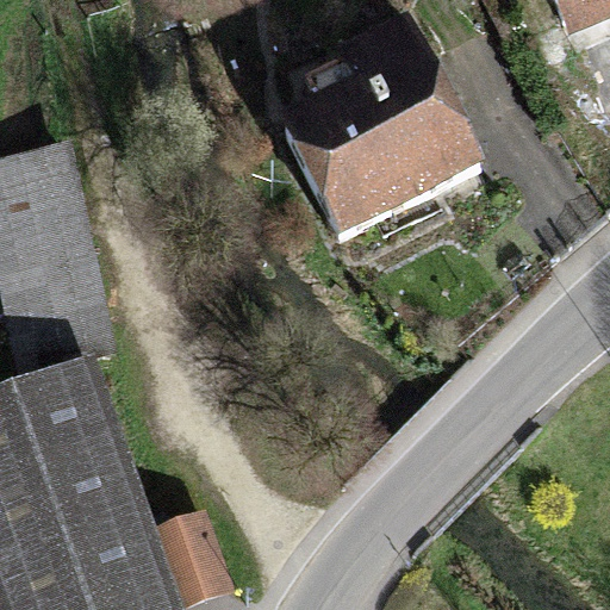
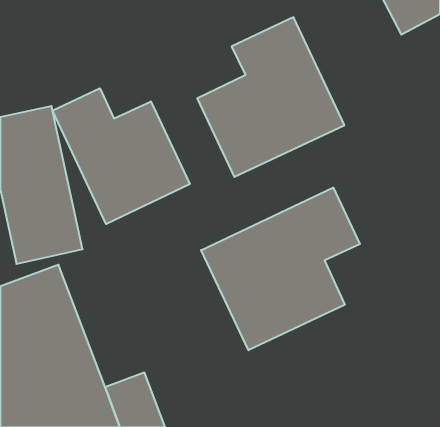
building: none -> [53,88,190,224]
building: none -> [201,188,360,350]

